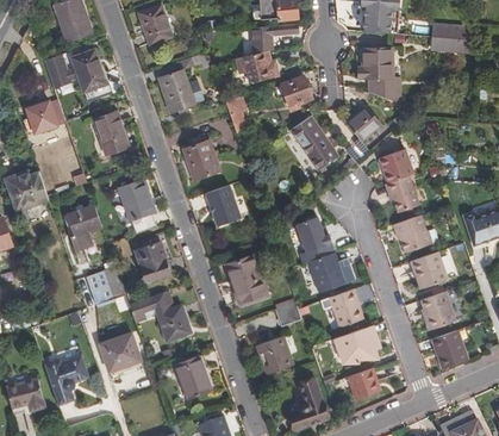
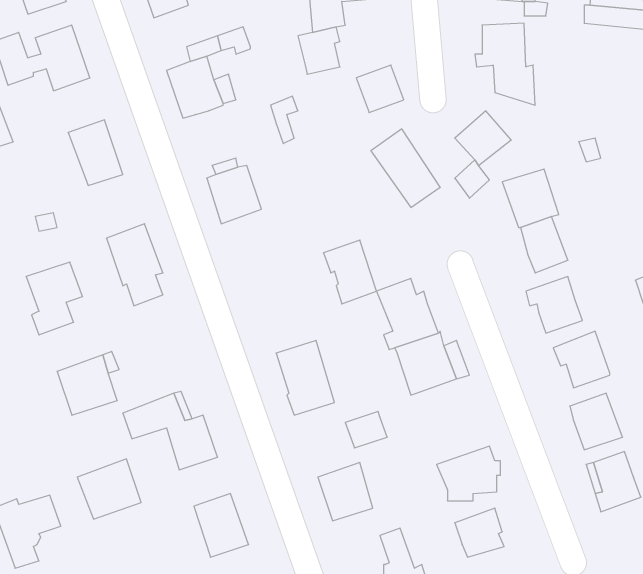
building: [204,183,238,225] -> [323,240,376,304]
building: [135,243,169,282] -> none
building: [328,286,361,325] -> none

